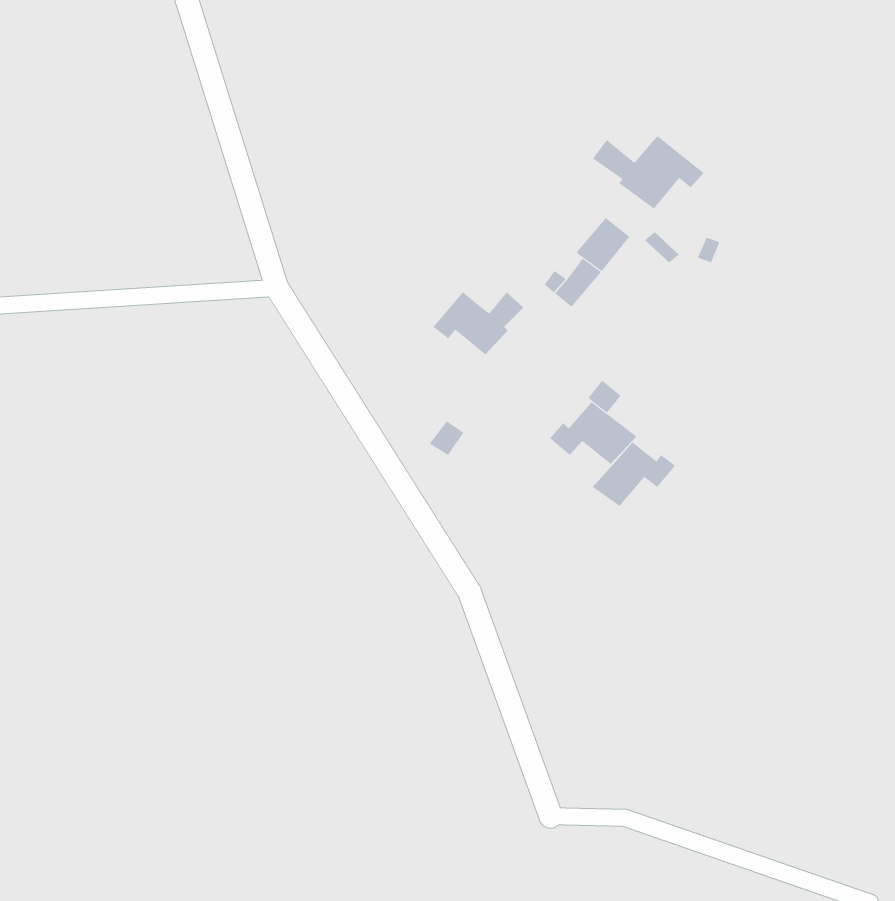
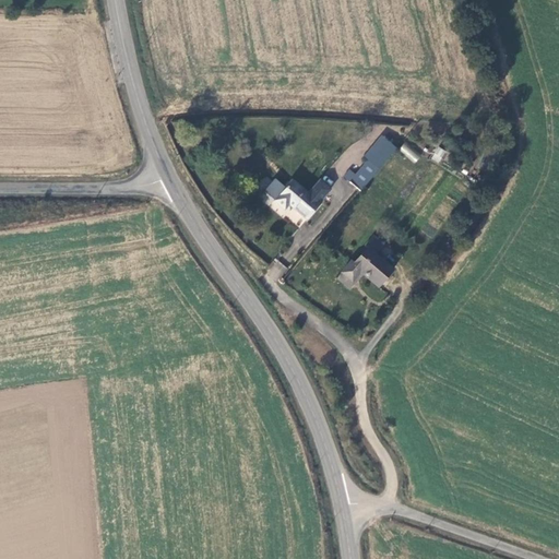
building: [592,135,704,210] -> none
building: [592,442,676,507] -> none

